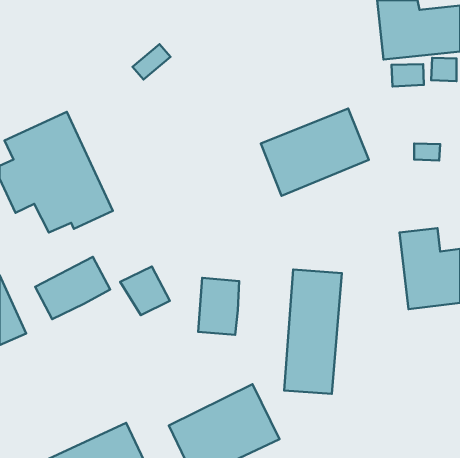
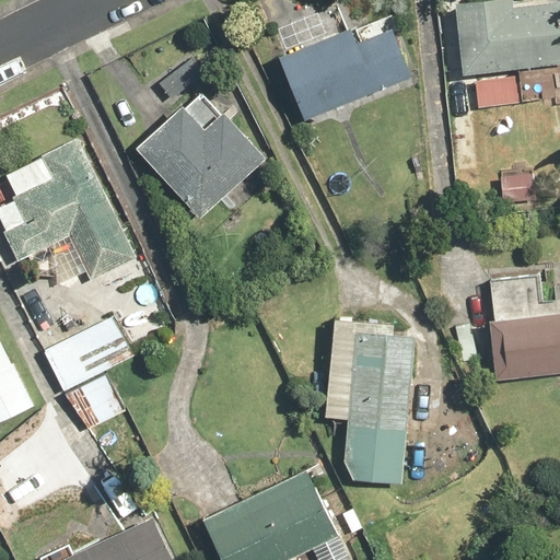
building: none -> [135,104,266,218]
building: [261,108,369,196] -> [279,15,410,121]
building: [120,267,170,315] -> [63,372,124,431]
building: [198,278,239,335] -> none

